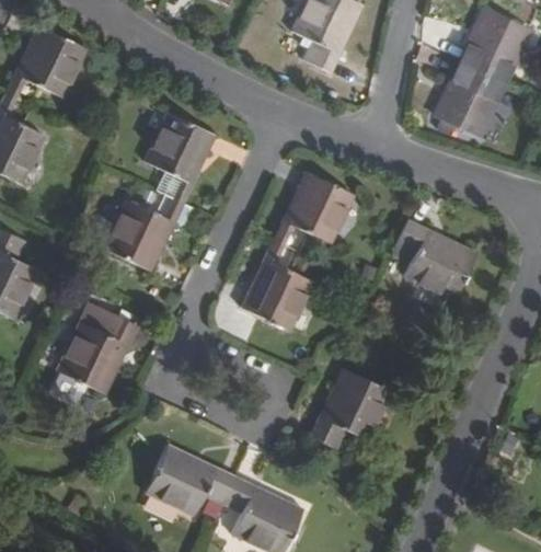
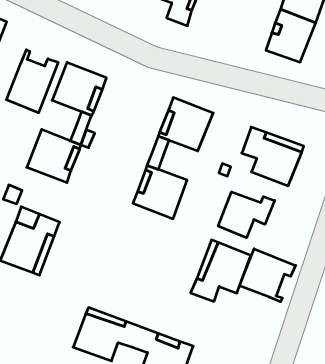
building: none -> [6,50,58,113]
building: none -> [218,192,275,238]
building: none -> [240,249,296,302]

